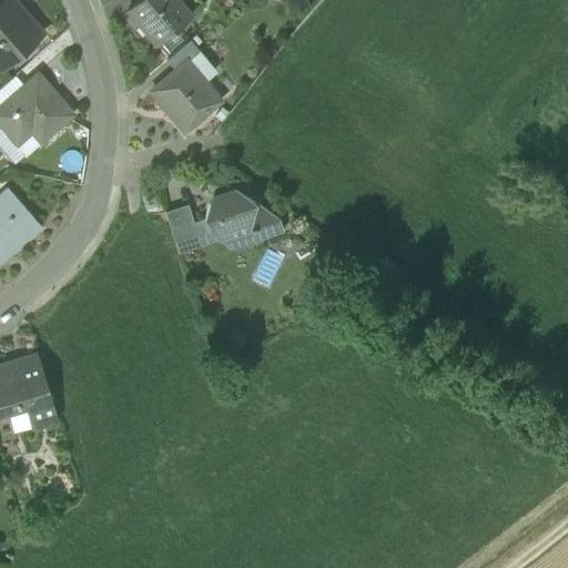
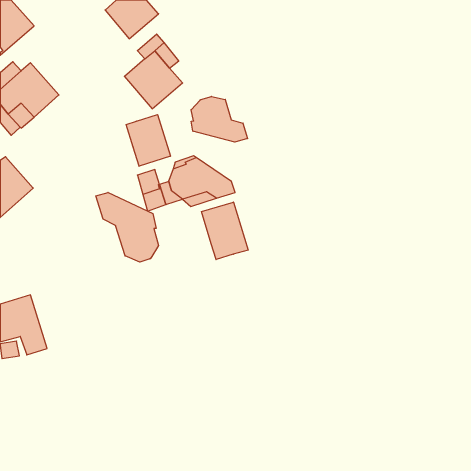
building: none -> [191,96,248,142]
building: none -> [126,115,170,166]
building: none -> [96,192,158,262]
building: none -> [201,202,248,260]

